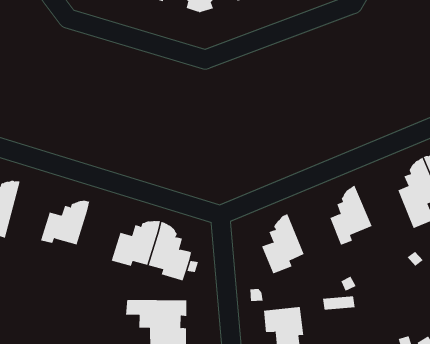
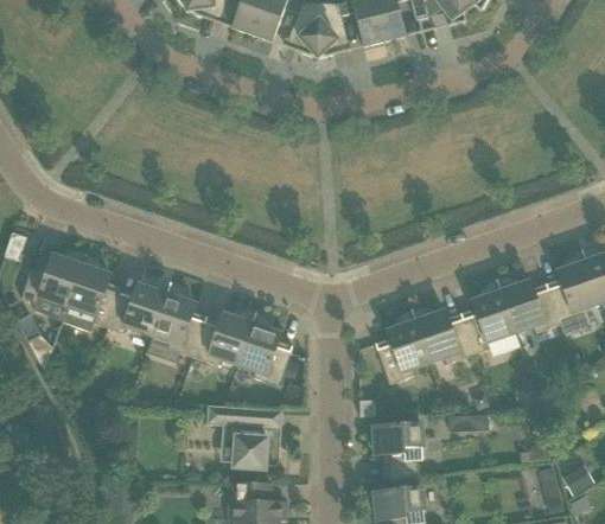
building: none -> [63,253,119,331]
building: none -> [496,277,560,332]
building: none -> [151,281,204,356]
building: none -> [412,307,475,362]

